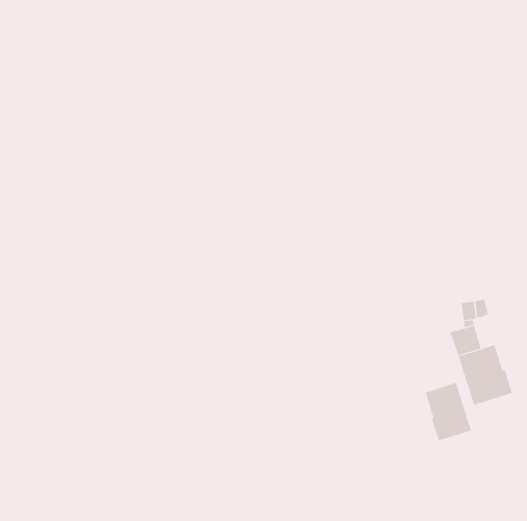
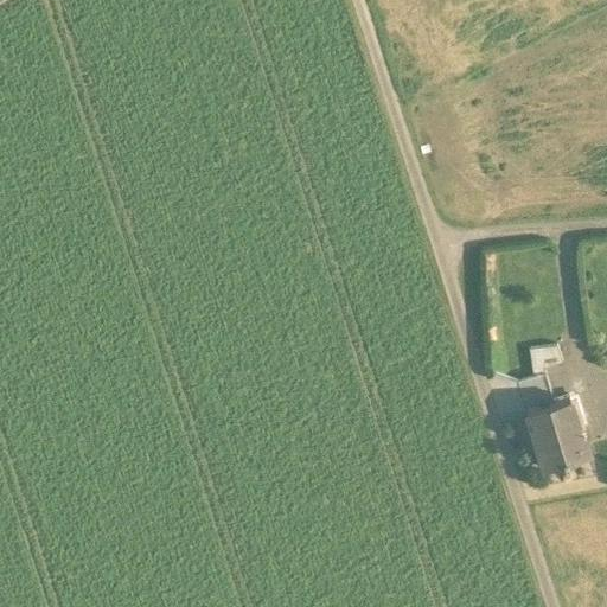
building: [425,382,471,441] -> none

